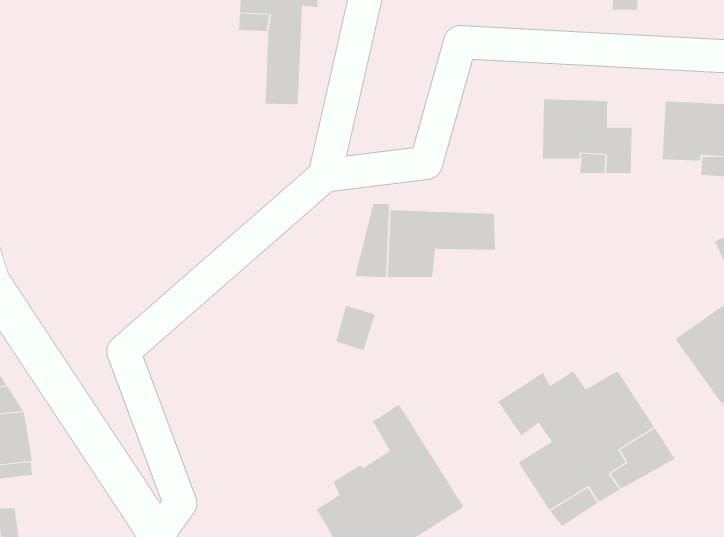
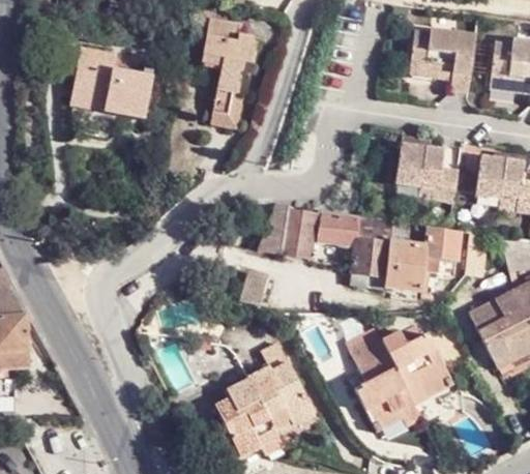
building: none -> [69,47,152,117]
building: none -> [350,217,459,291]

